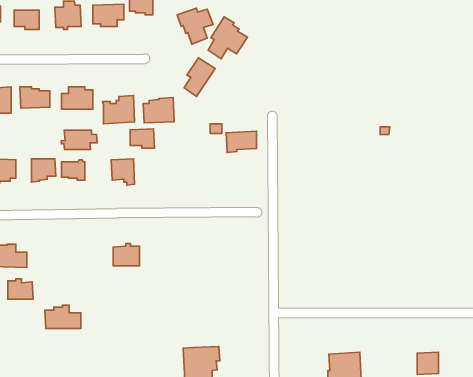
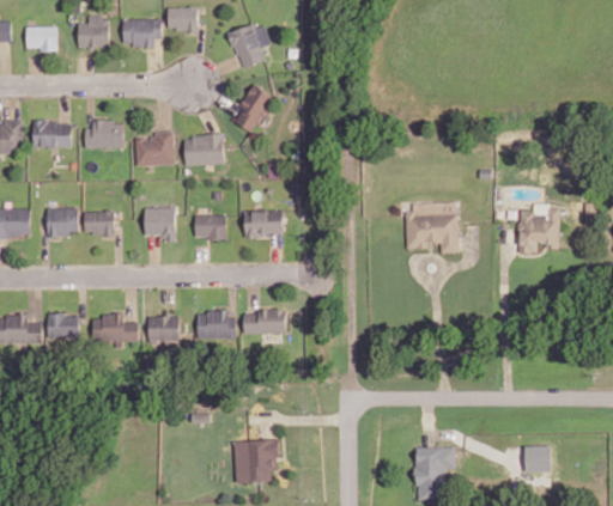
building: [208,17,248,59] -> none
building: [130,129,154,148] -> [196,215,226,239]
building: [61,130,97,150] -> none
building: [226,131,256,152] -> [245,212,283,238]
building: none -> [403,203,456,254]
building: none -> [517,209,557,254]
building: none -> [245,310,285,333]
building: none -> [198,311,236,339]
building: [8,279,33,299] -> [49,312,80,337]
building: [45,305,81,329] -> [93,313,138,342]

